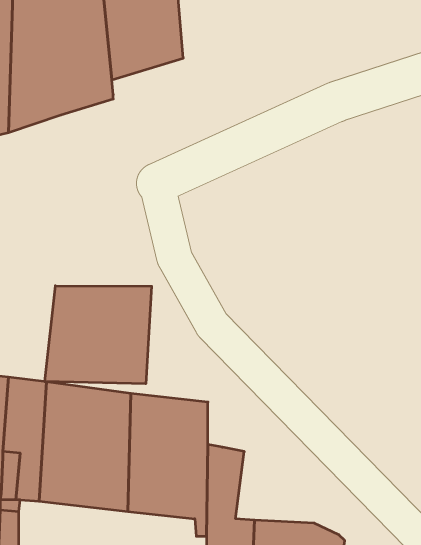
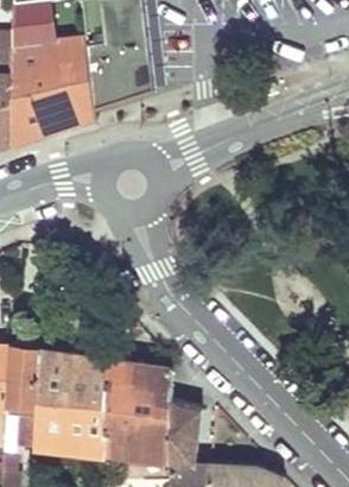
building: [45,286,152,384] -> none

